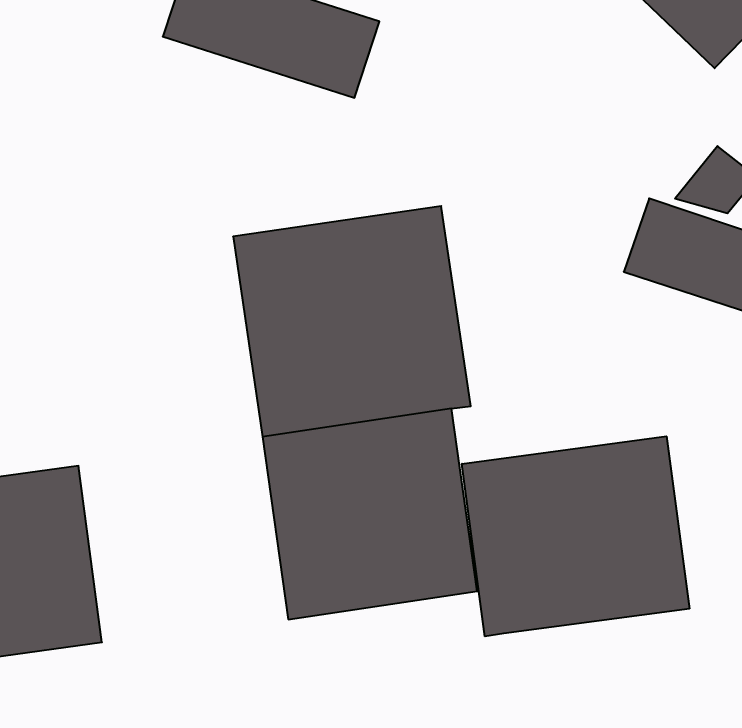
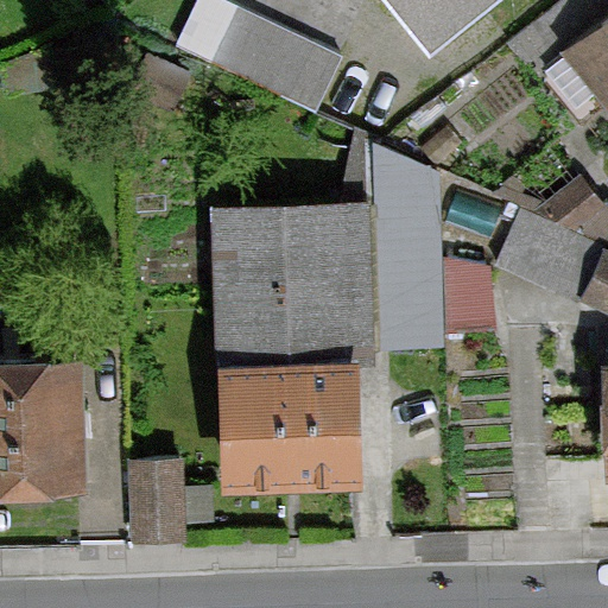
building: none -> [376,146,439,353]
building: [462,436,689,636] -> none
building: none -> [131,458,188,544]

